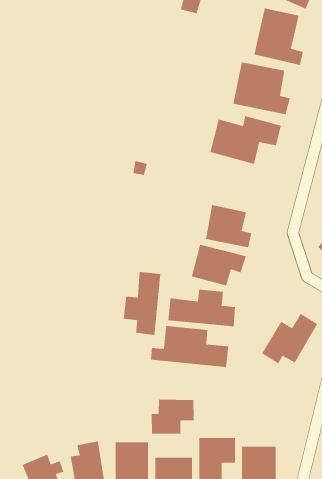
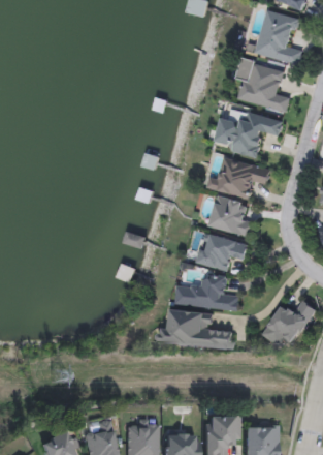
building: none -> [207,158,271,200]
building: [123,271,161,336] -> none
building: [151,399,195,434] -> none

